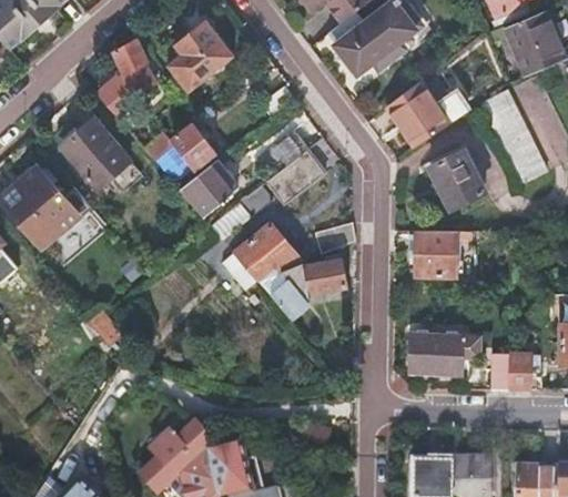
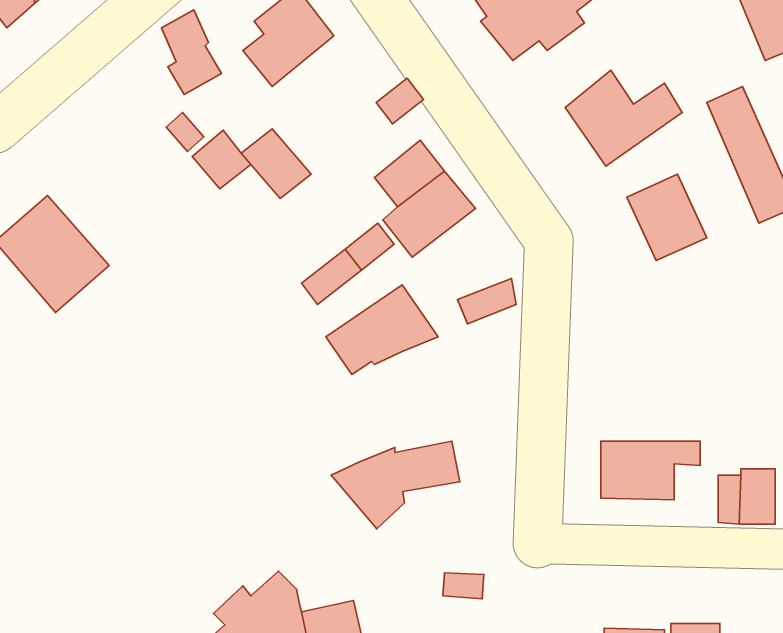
building: [60,116,129,186] -> none
building: [178,160,239,217] -> none
building: [415,232,455,277] -> none
building: [258,257,346,317] -> [331,441,460,529]

